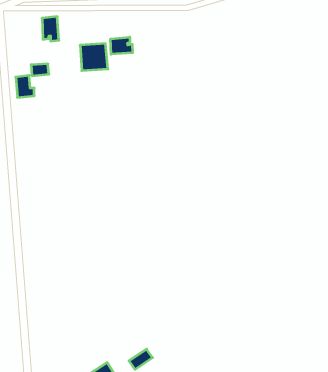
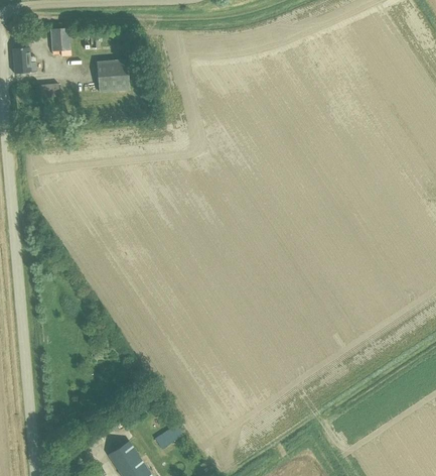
building: [111,37,133,54] -> none
building: [16,75,34,97] -> [13,47,35,74]

